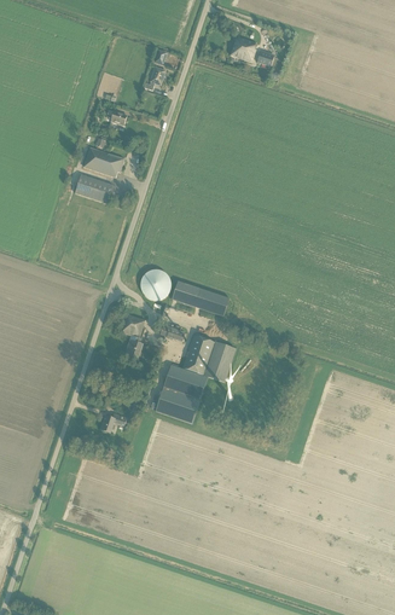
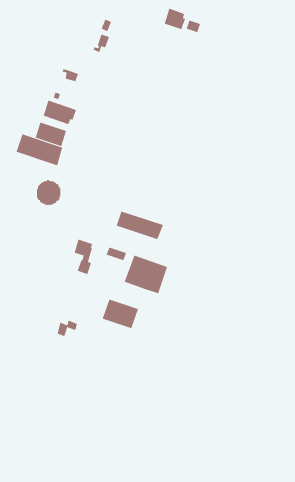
building: none -> [16,134,63,166]
building: [140,268,170,300] -> [36,180,61,205]
building: [163,362,208,399] -> none

